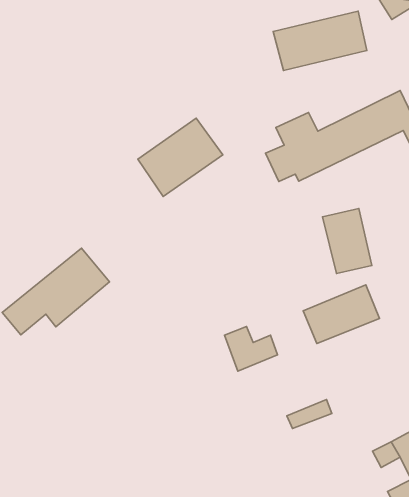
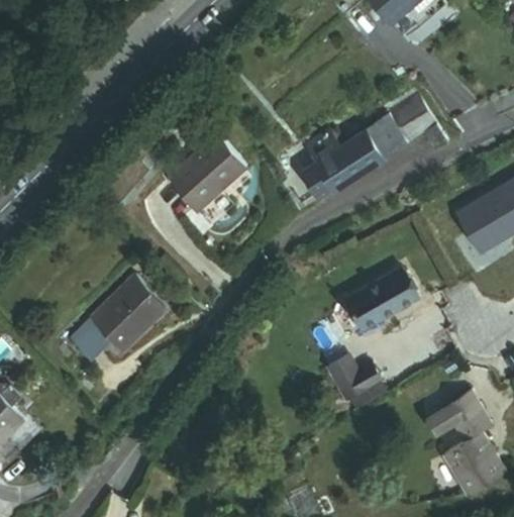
building: [273,11,367,70] -> none
building: [323,208,372,273] -> none
building: [225,326,277,371] -> [327,360,379,403]

